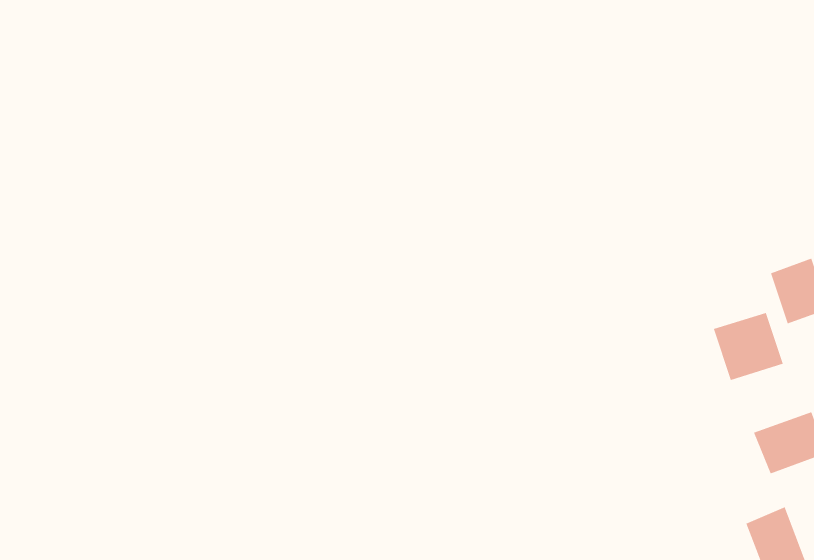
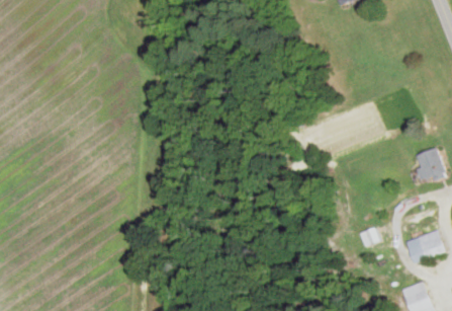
building: [713,312,784,381] -> none

